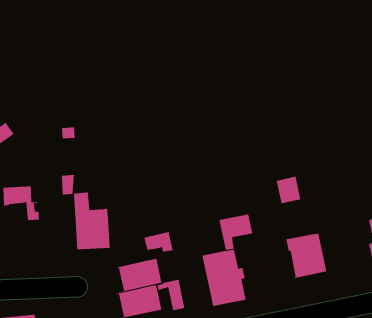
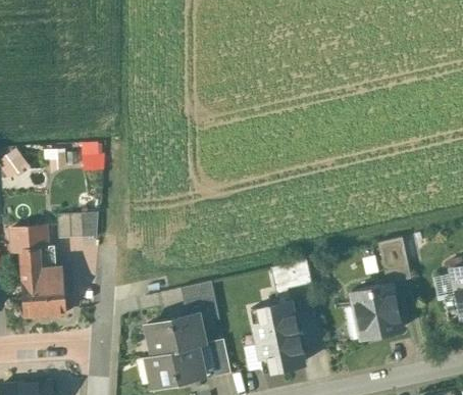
building: none -> [58,214,83,239]
building: [276,176,301,204] -> [377,237,408,270]
building: [73,192,110,250] -> [20,247,65,316]

